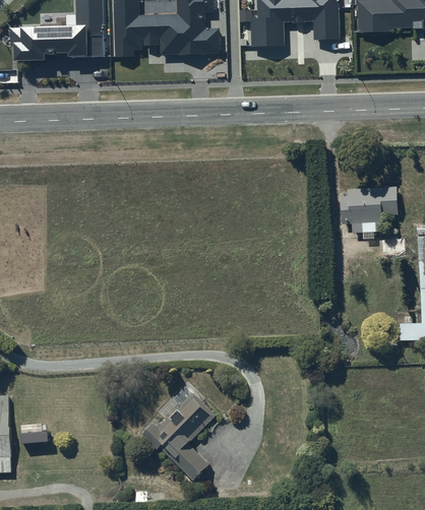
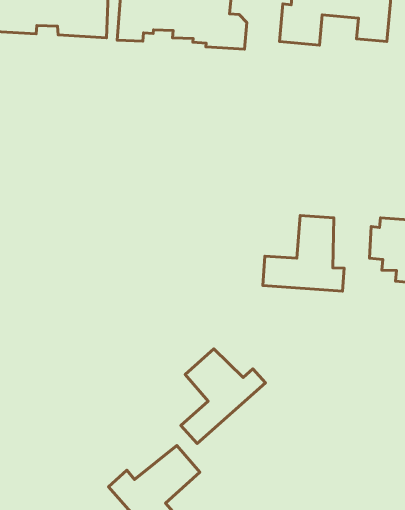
building: none -> [263,216,344,291]
building: none -> [181,349,265,443]

